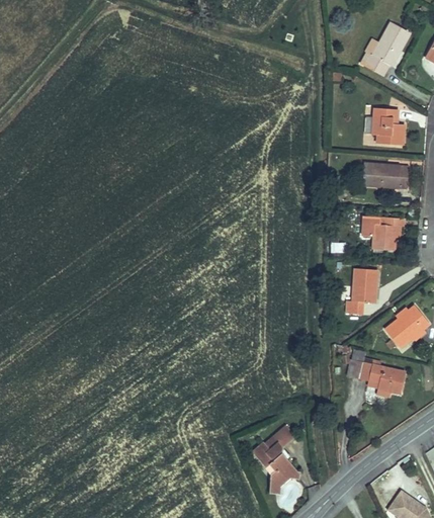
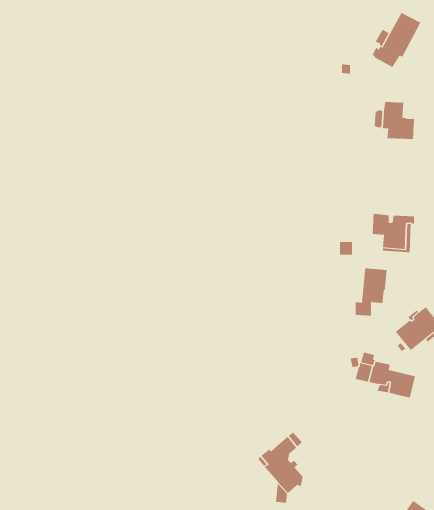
building: [362,163,409,188] -> none

